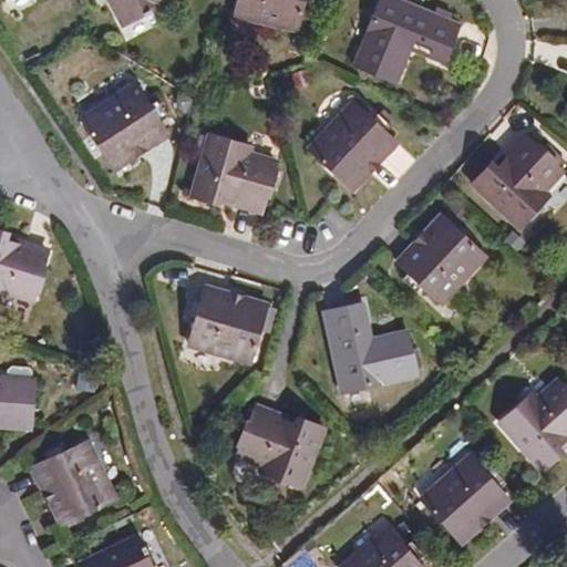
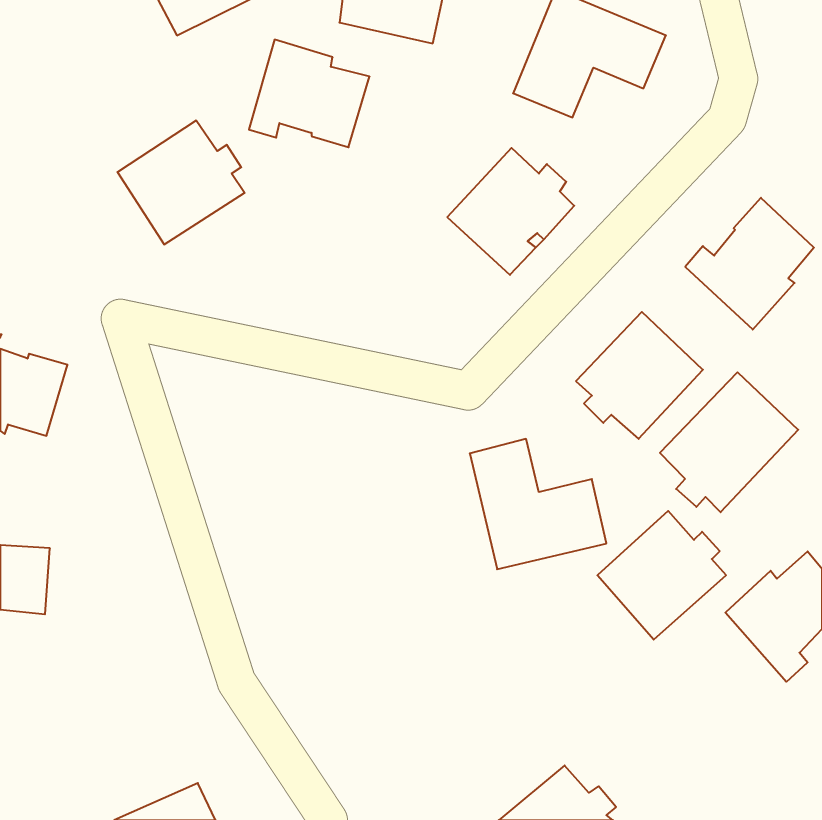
building: [193,136,276,210] -> [249,40,370,147]
building: none -> [660,372,798,512]
building: [188,287,268,361] -> none
building: [239,409,326,487] -> none
building: [33,441,115,525] -> none
building: [421,454,509,543] -> [597,511,726,640]

